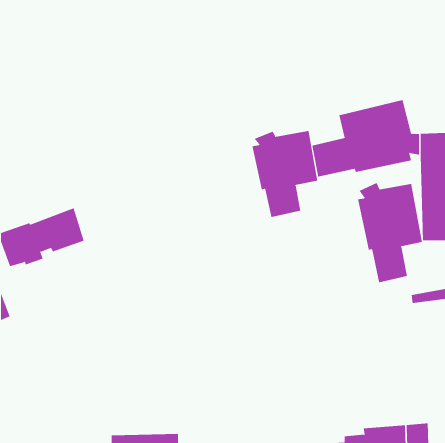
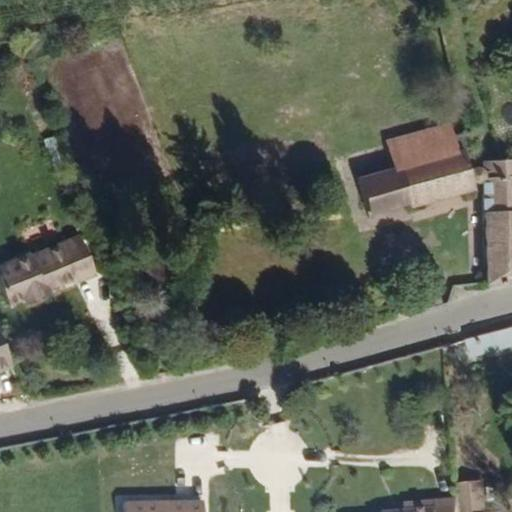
building: [252,130,318,218] -> none
building: [357,182,423,283] -> none

